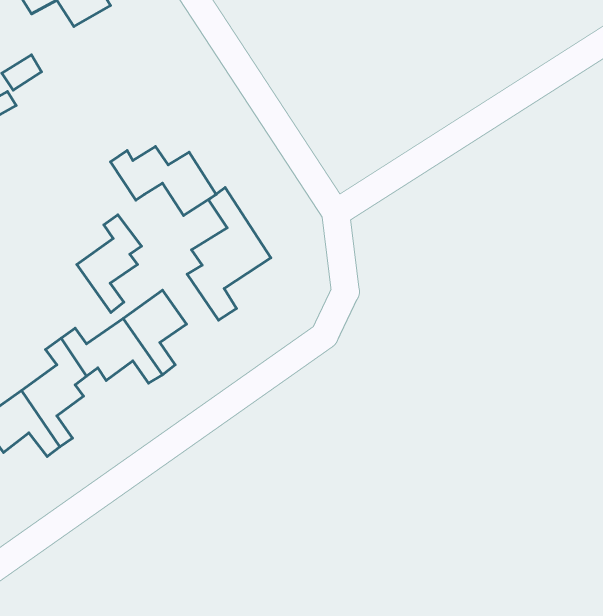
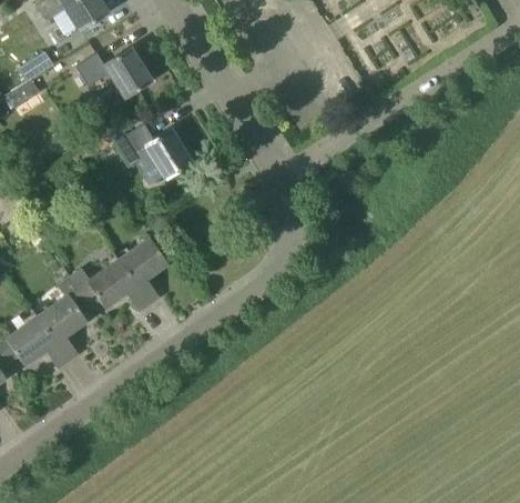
building: none -> [75,49,150,98]
building: [187,188,271,320] -> none
building: [77,215,141,313] -> none

